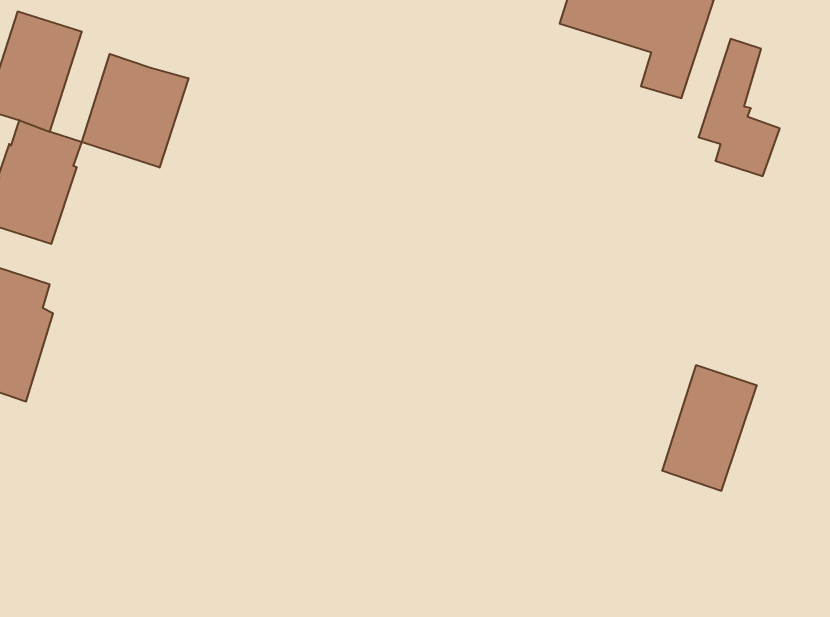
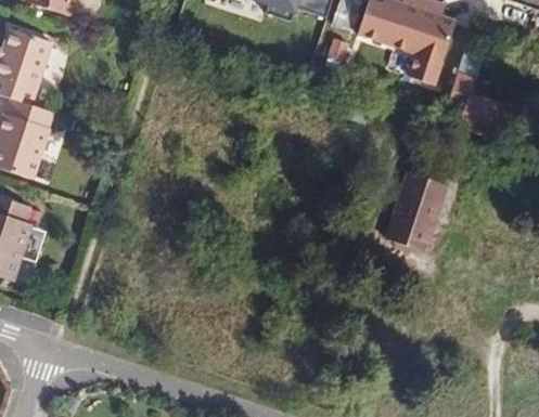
building: [82,54,188,168] -> none
building: [662,365,757,491] -> [390,168,451,248]

